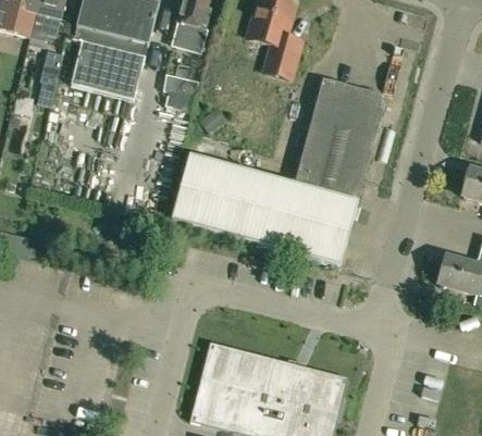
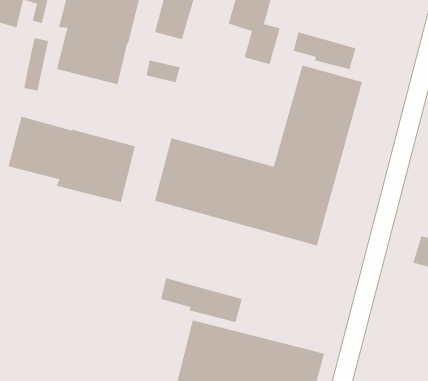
building: none -> [293,31,356,70]
building: none -> [8,116,136,203]
building: none -> [161,277,243,323]

